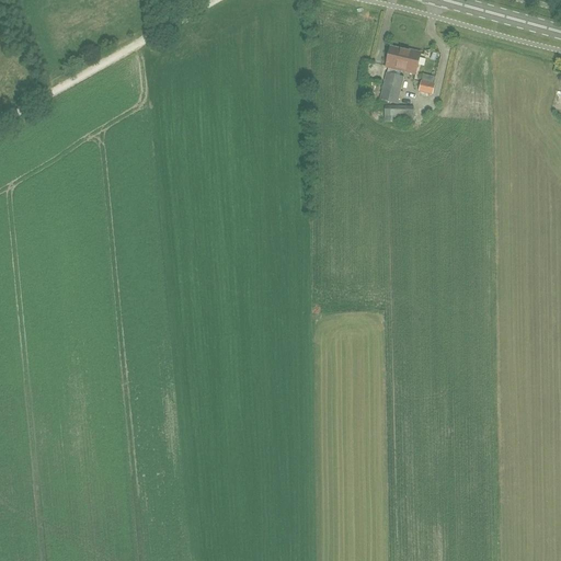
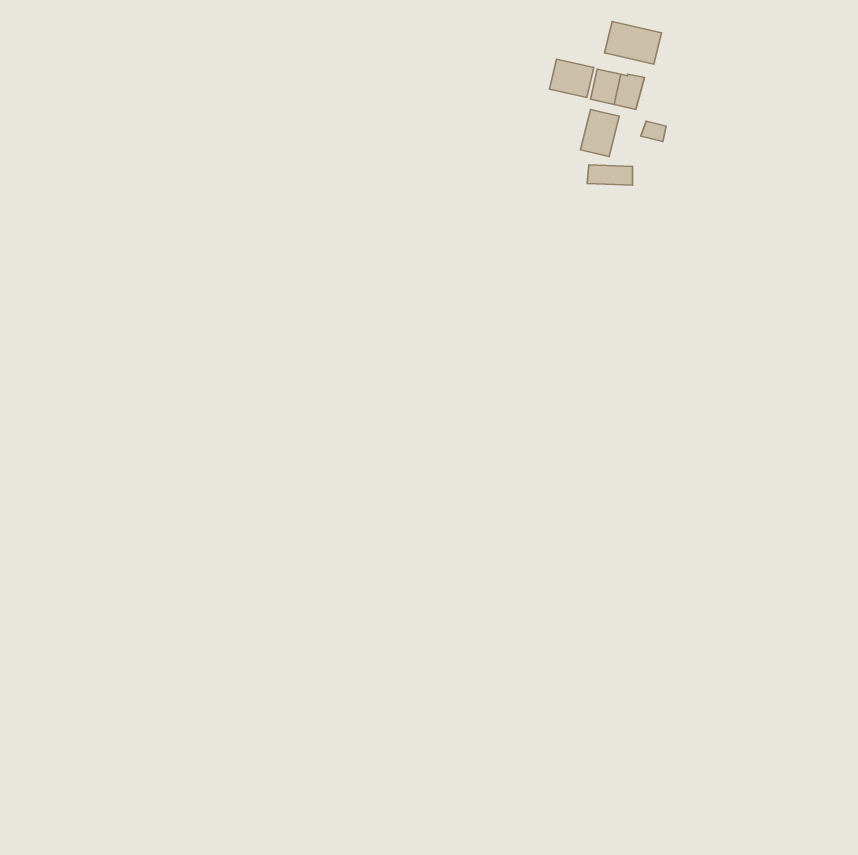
building: none -> [604,21,661,64]
building: none -> [549,59,594,97]

